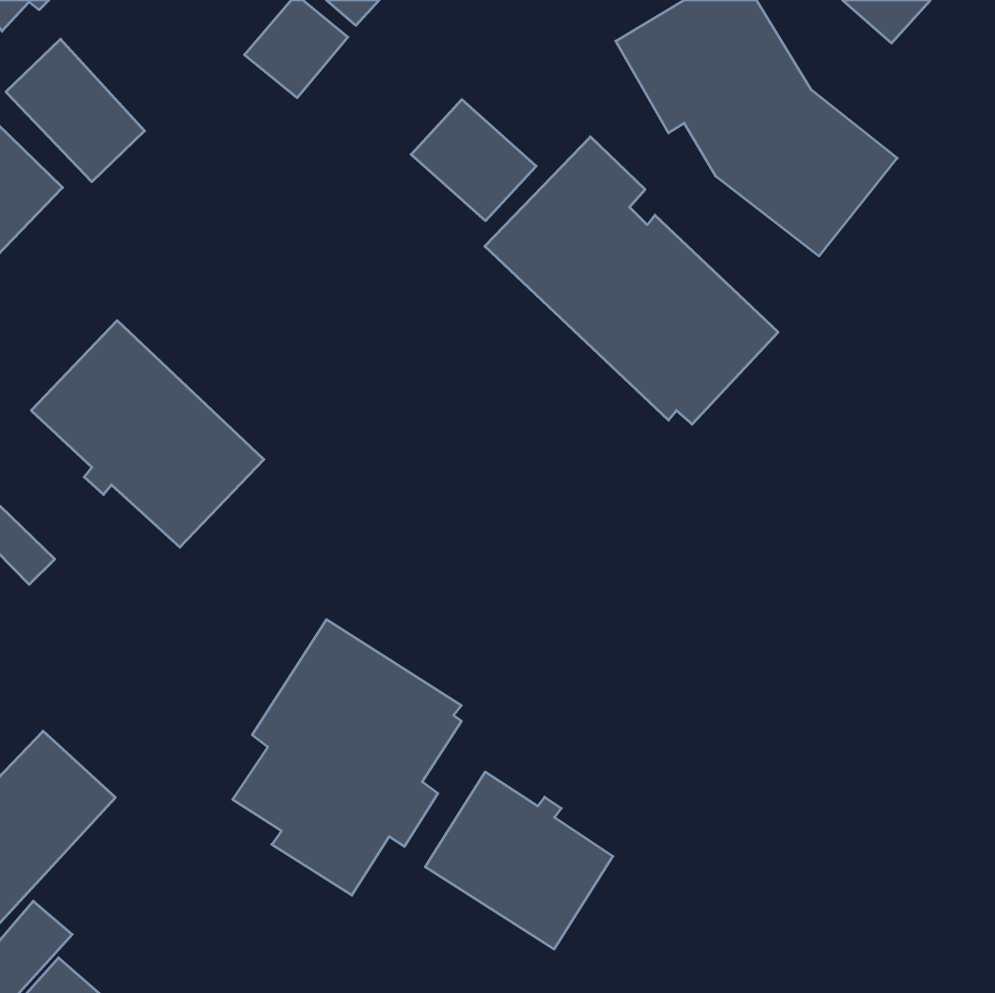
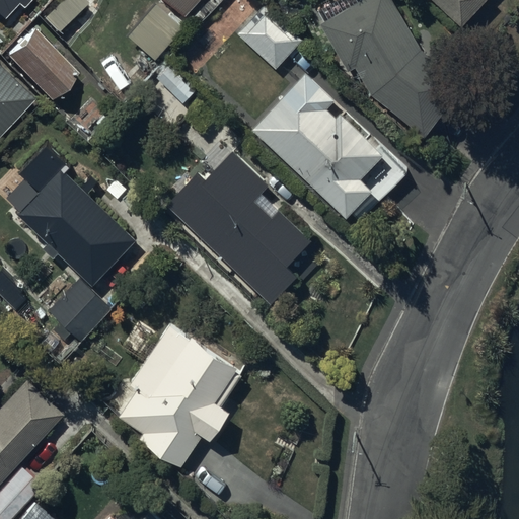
building: [411,100,536,221] -> [237,7,302,70]
building: none -> [166,152,312,305]
building: none -> [50,281,112,343]
building: [425,772,613,949] -> none

